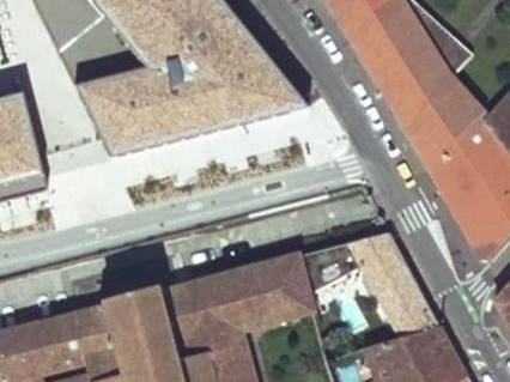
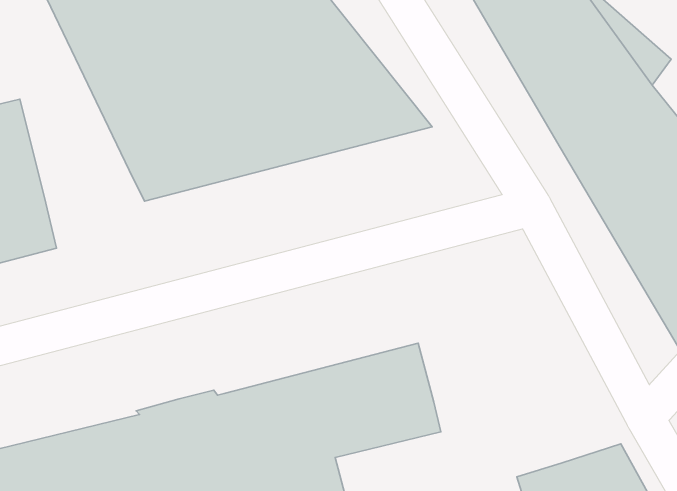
building: [300,234,441,339] -> none

